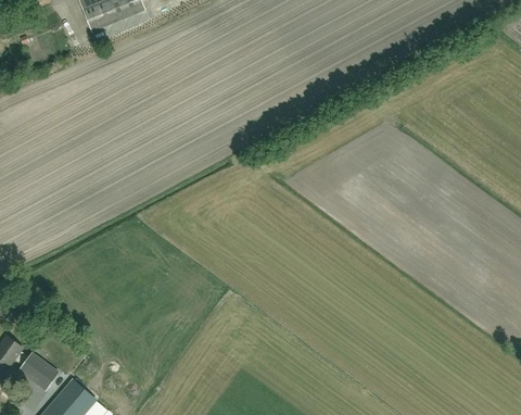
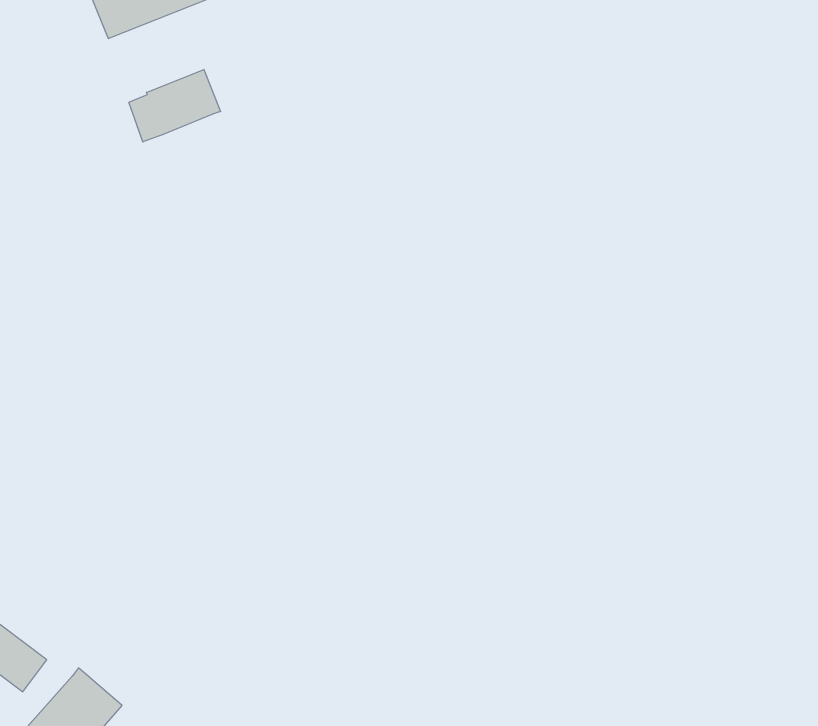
building: none -> [129,69,221,142]

